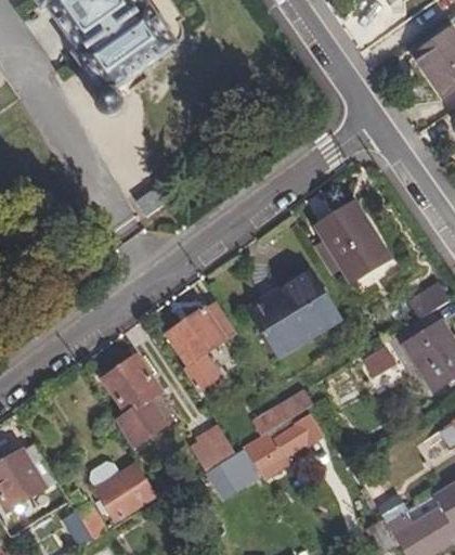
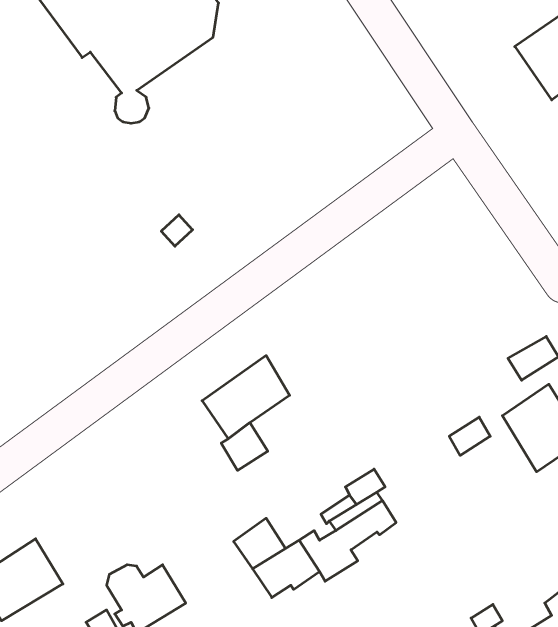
building: [318,205,389,280] -> none
building: [248,269,341,354] -> none
building: [103,356,166,447] -> none

